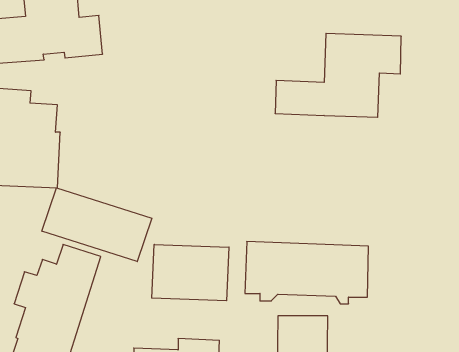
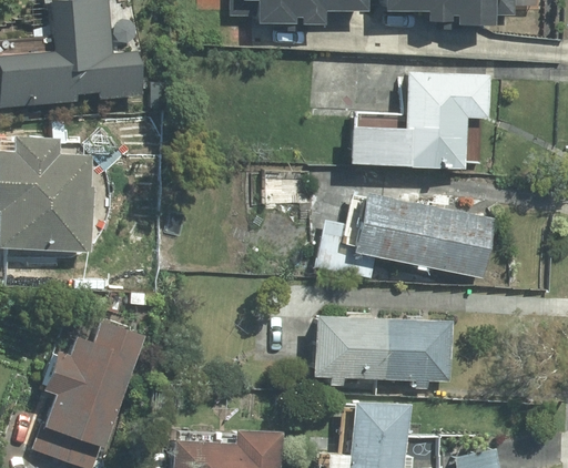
building: none -> [349,193,498,278]
building: [42,188,152,262] -> none
building: [152,244,229,301] -> none

